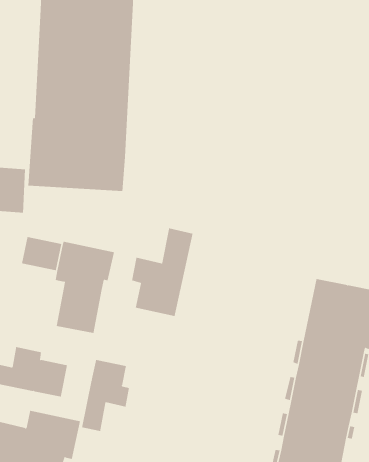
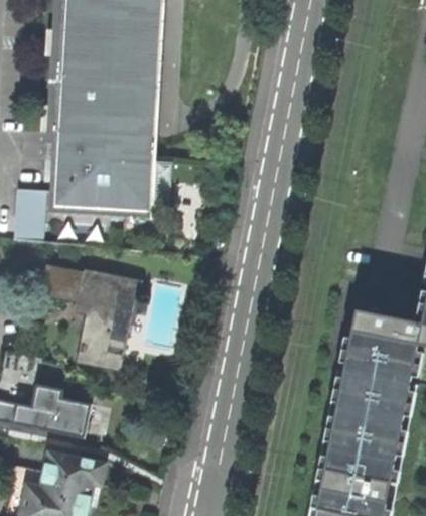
building: [131,228,193,317] -> none
building: [81,359,130,432] -> none

